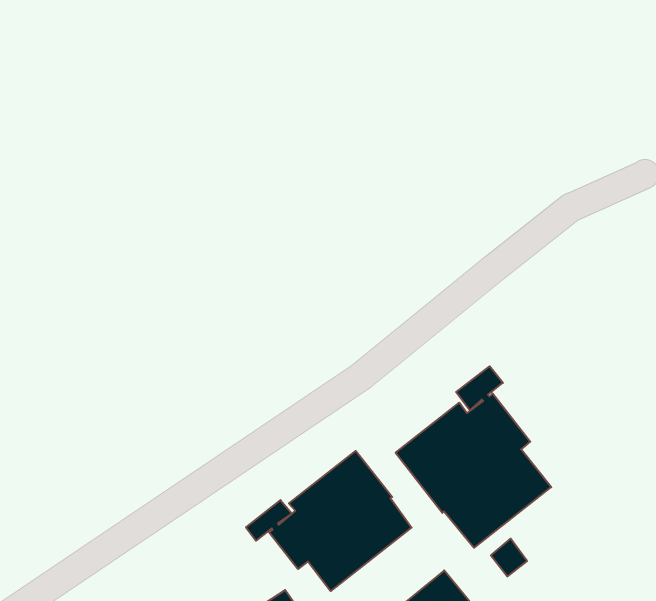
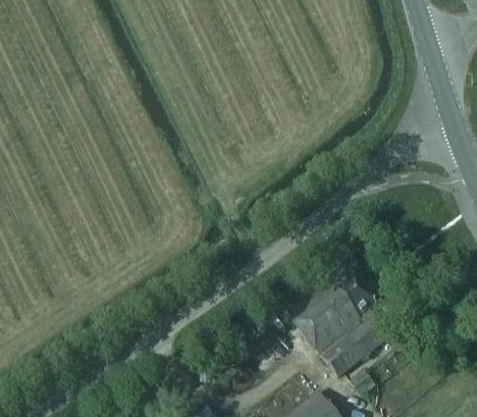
building: [246,451,412,591] -> none

